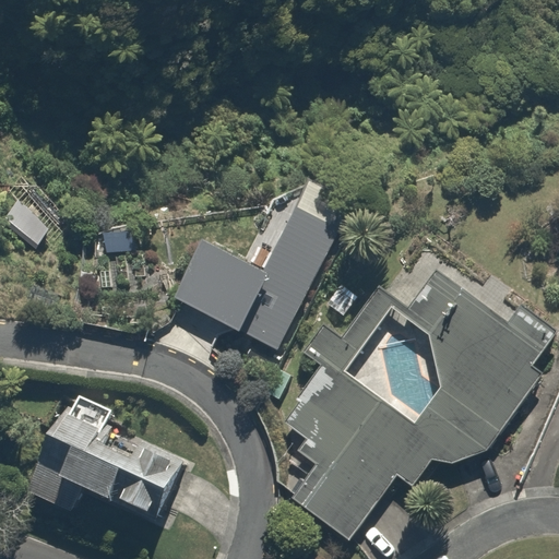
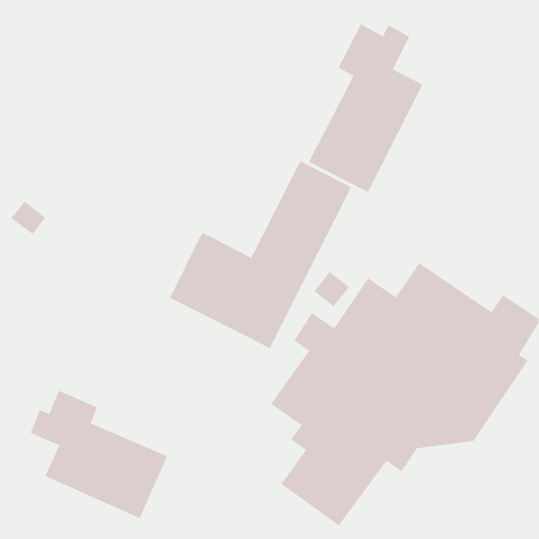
building: none -> [308,23,423,193]

